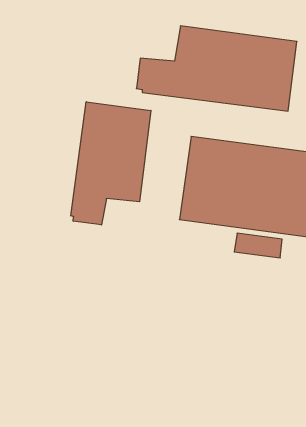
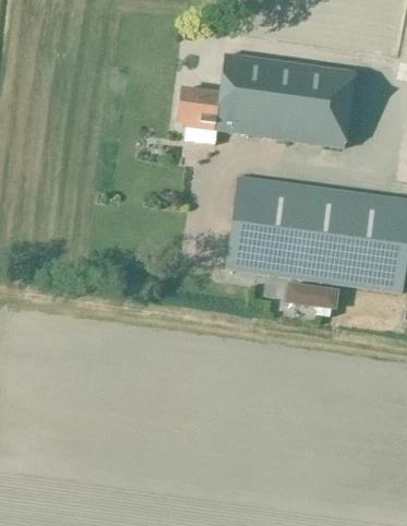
building: [71,102,151,225] -> none

